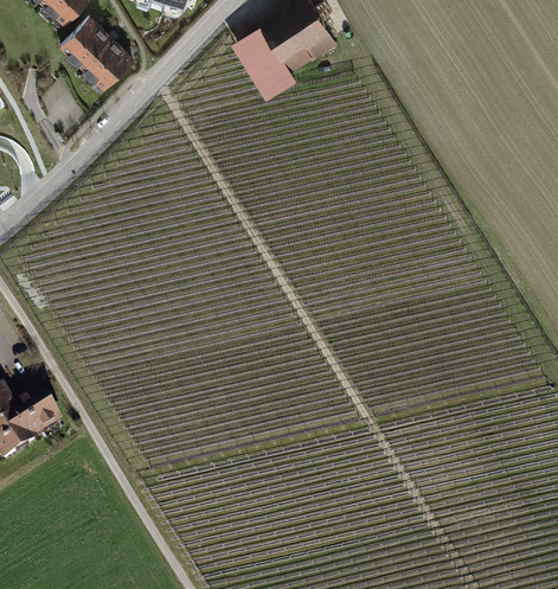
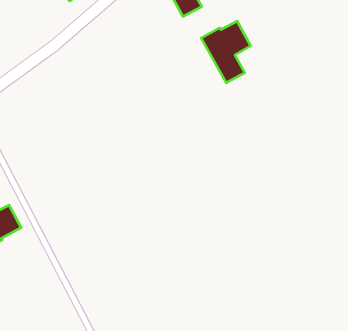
building: none -> [201,21,250,83]

